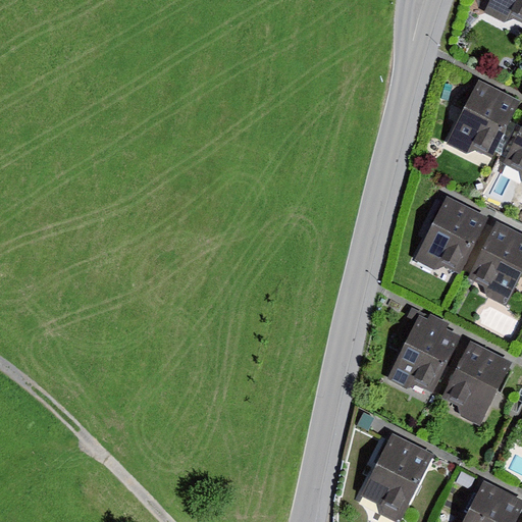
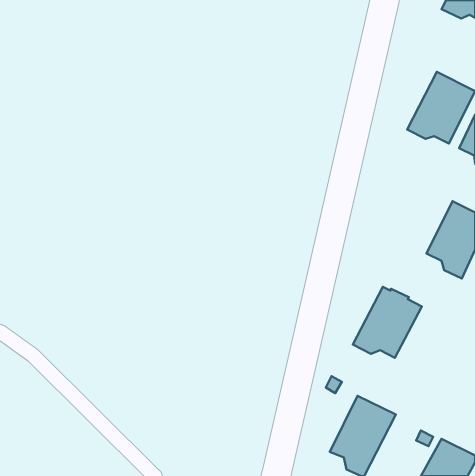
building: [413,195,487,272] -> none
building: [441,340,512,425] -> none

